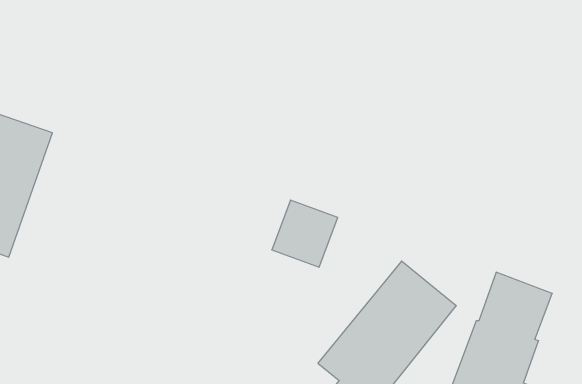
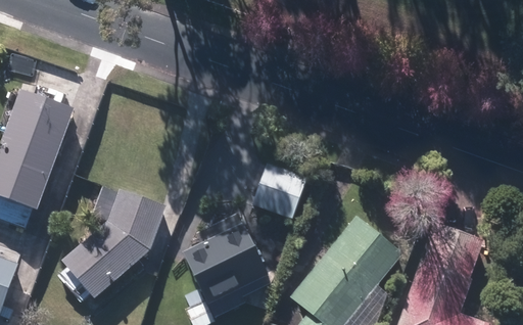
building: none -> [62,191,164,299]
building: none -> [184,218,266,303]

